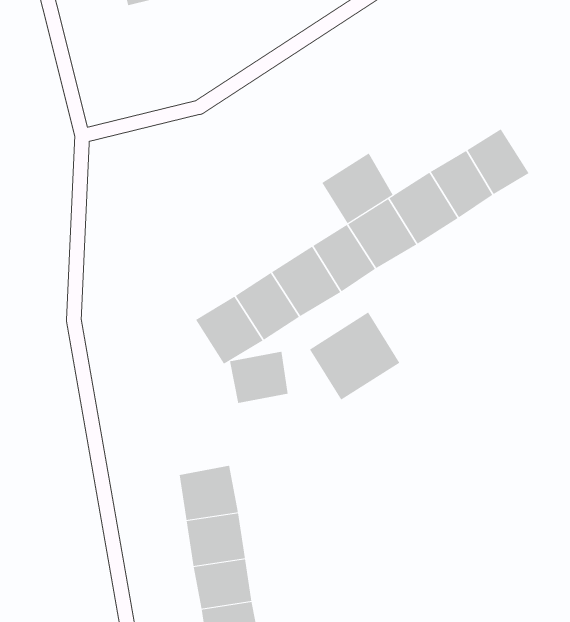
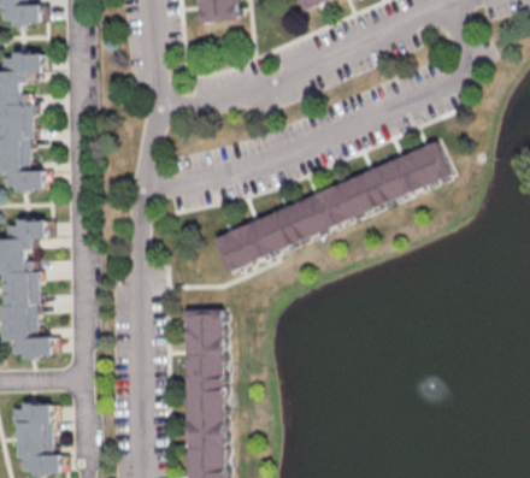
building: [321,153,393,224] -> none
building: [309,312,400,400] -> none
building: [229,351,288,403] -> [186,308,222,338]

